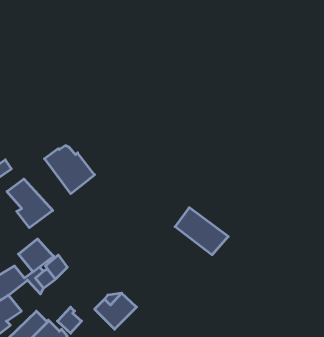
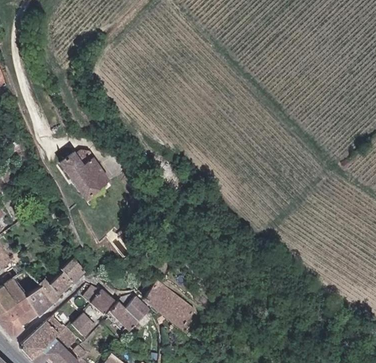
building: [7,179,53,228] -> none
building: [175,208,228,255] -> [144,281,197,328]
building: [18,239,54,272] -> [23,284,58,317]
building: none -> [84,287,114,315]

